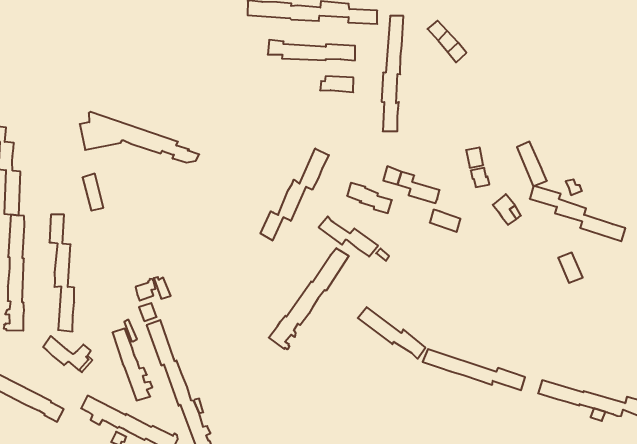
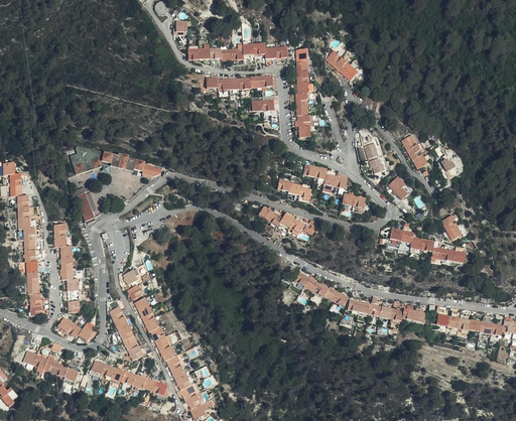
building: [260,148,329,241] -> none
building: [530,186,625,241] -> [390,229,465,264]
building: [269,248,349,349] -> none

